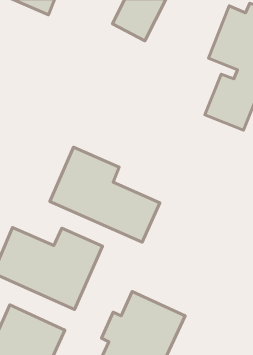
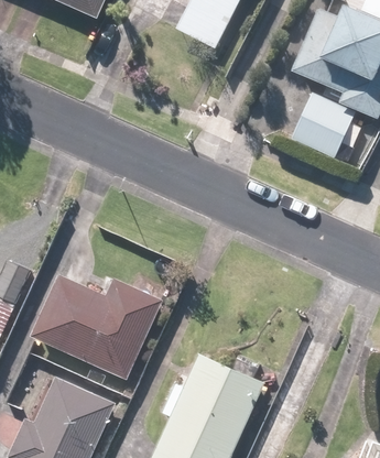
building: [50,147,160,242] -> none

